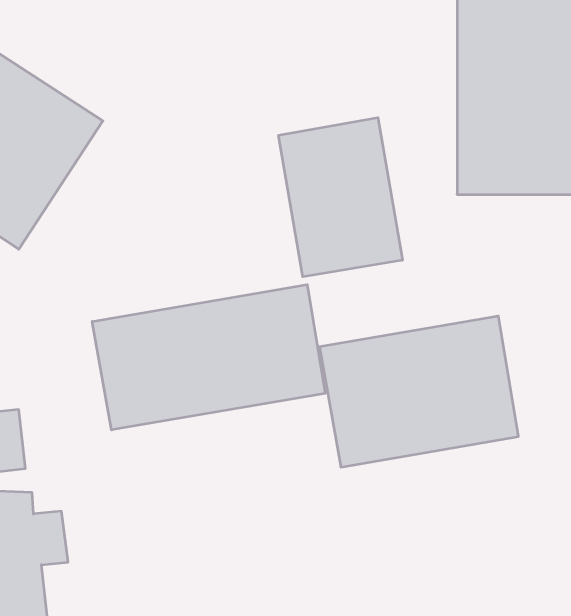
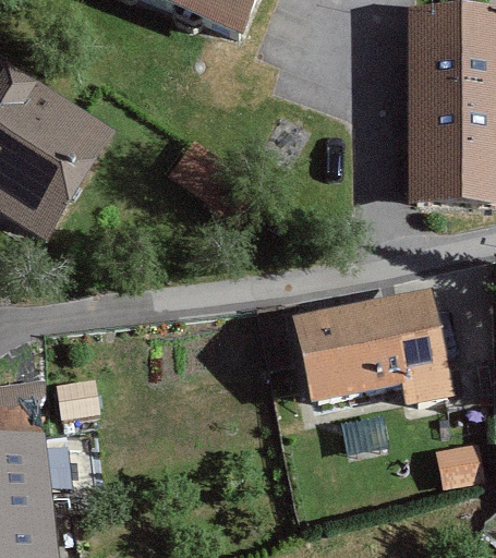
building: [279,118,402,277] -> none
building: [92,285,325,430] -> none

